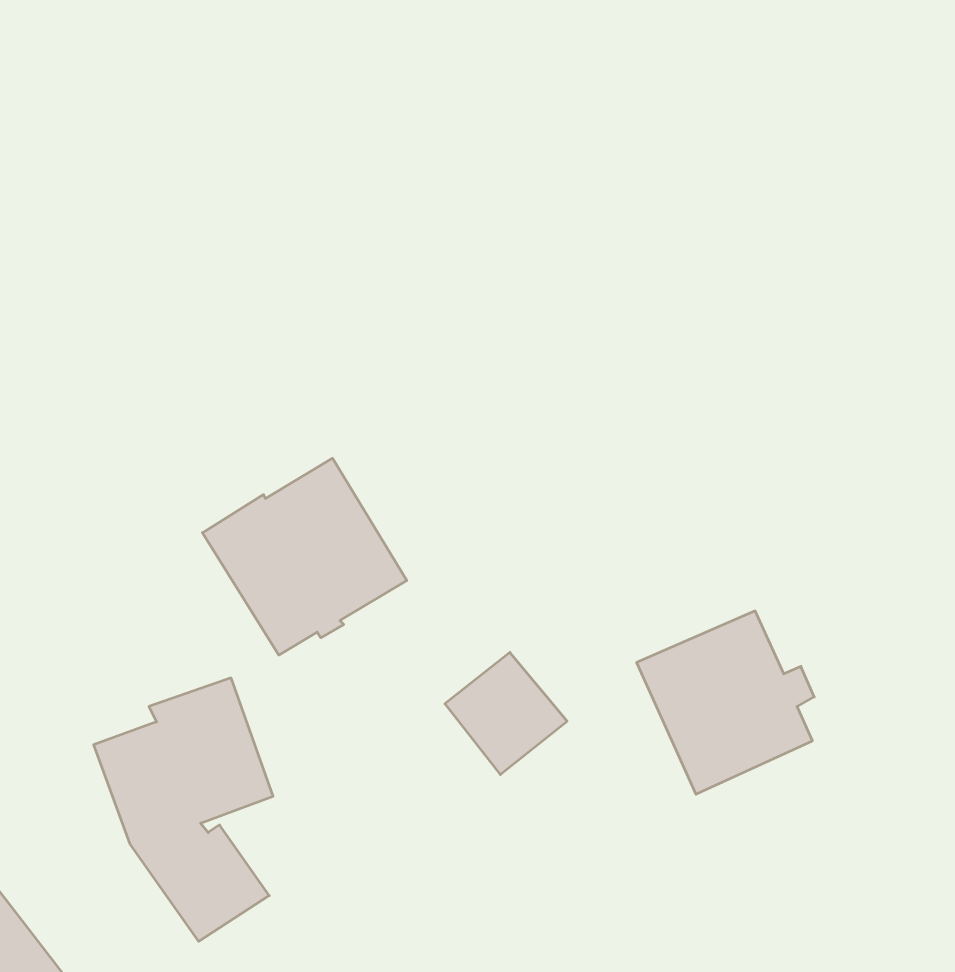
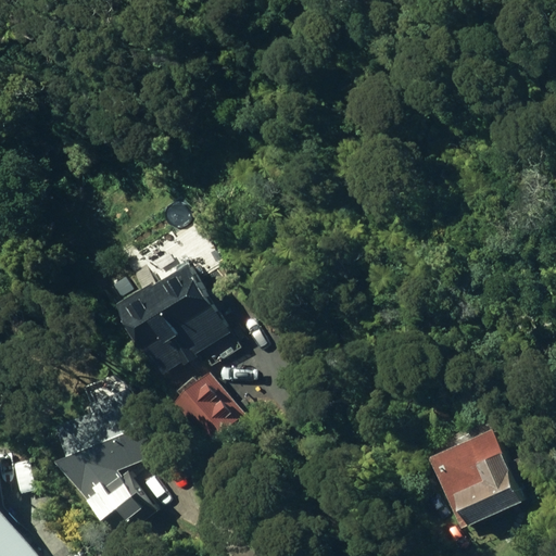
building: [637,611,814,794] -> [426,428,527,532]
building: [445,652,567,775] -> [169,372,239,442]

